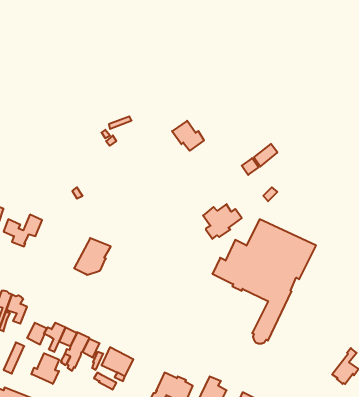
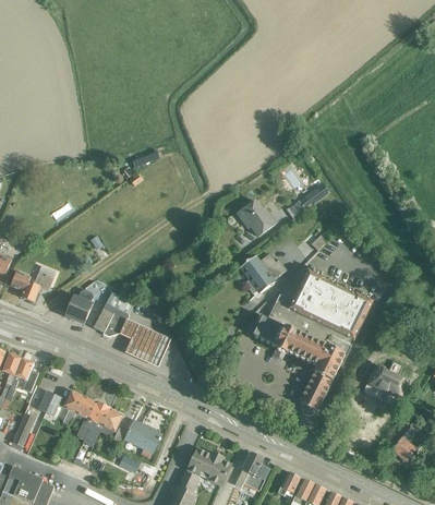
building: [172,121,204,151] -> [237,201,274,236]
building: none -> [58,289,92,323]
building: none -> [121,317,171,365]
building: none -> [365,361,407,398]
building: [31,353,59,384] -> none

